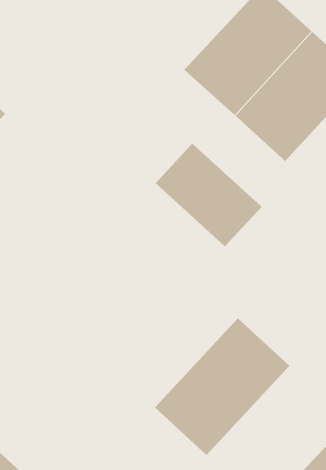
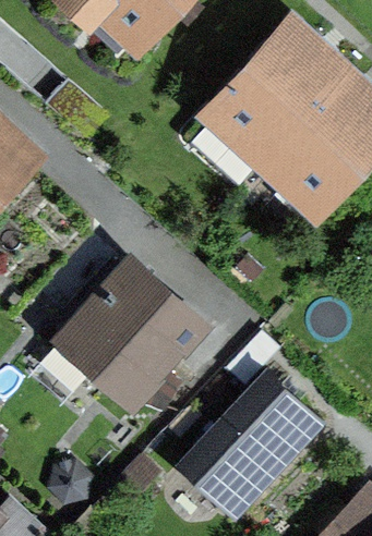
building: [155,143,262,247] -> none
building: none -> [71,275,201,405]

